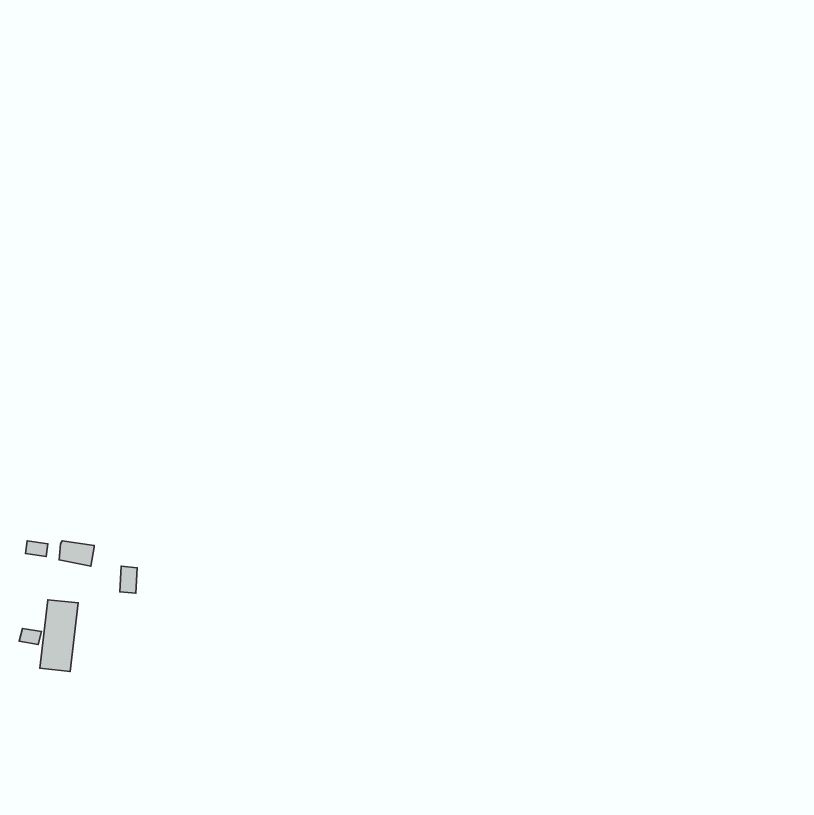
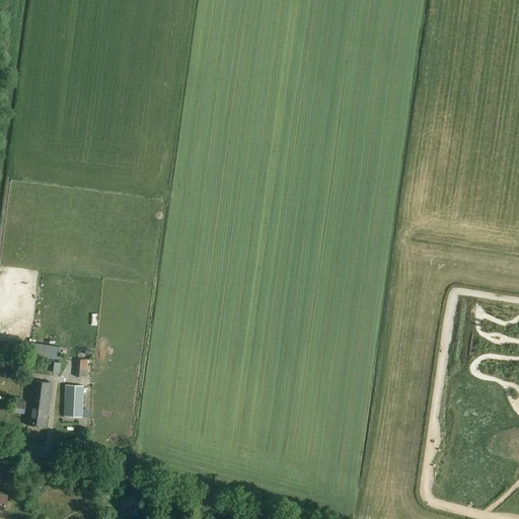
building: none -> [66,385,83,417]

